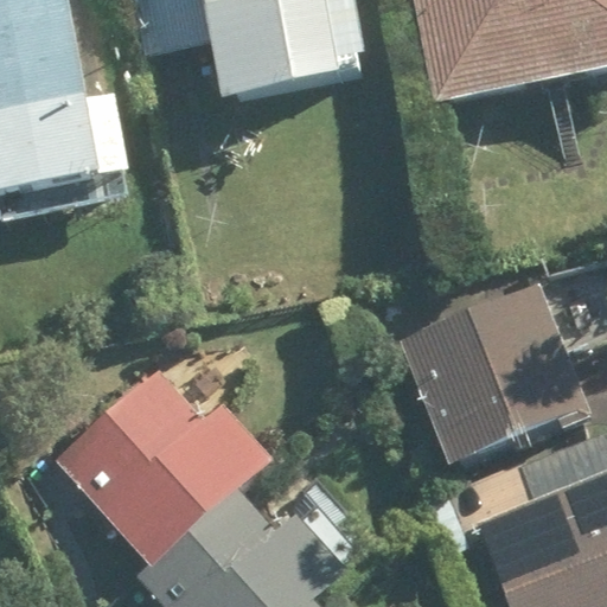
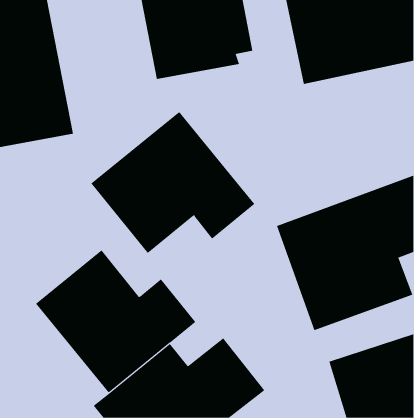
building: none -> [90,111,255,254]

